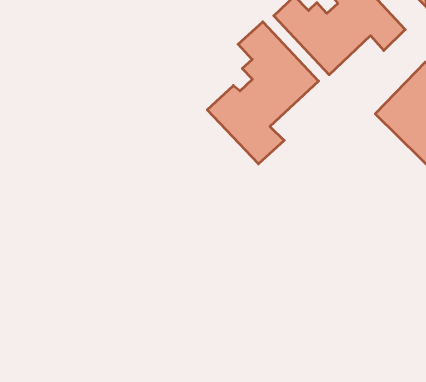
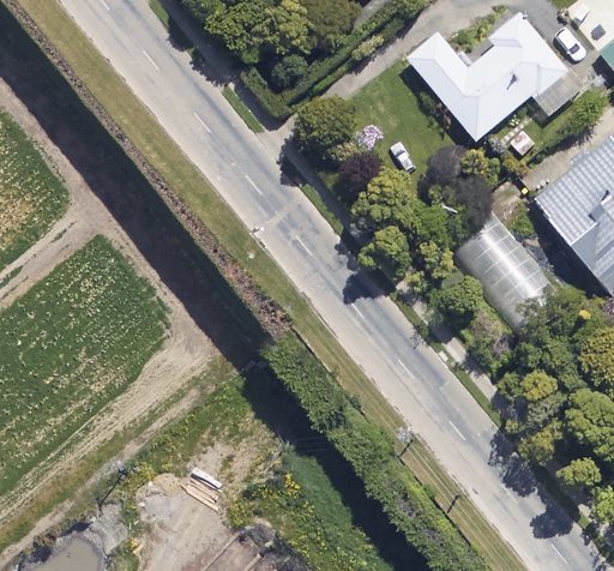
building: [207,22,319,164] -> none

